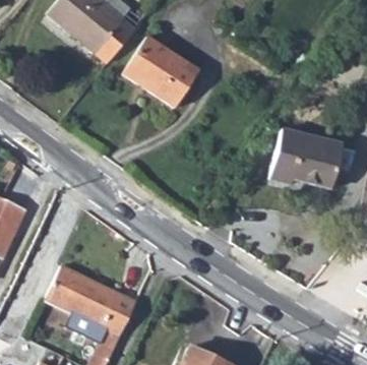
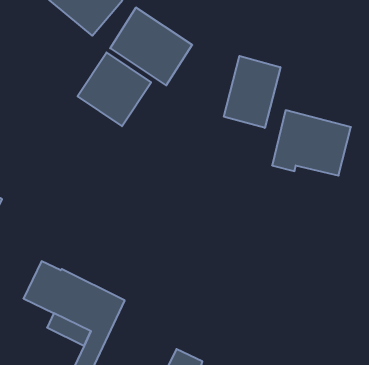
building: none -> [78,52,151,126]
building: none -> [224,56,280,128]

